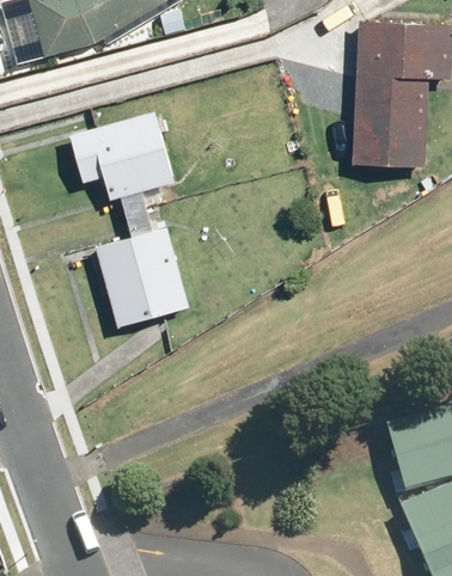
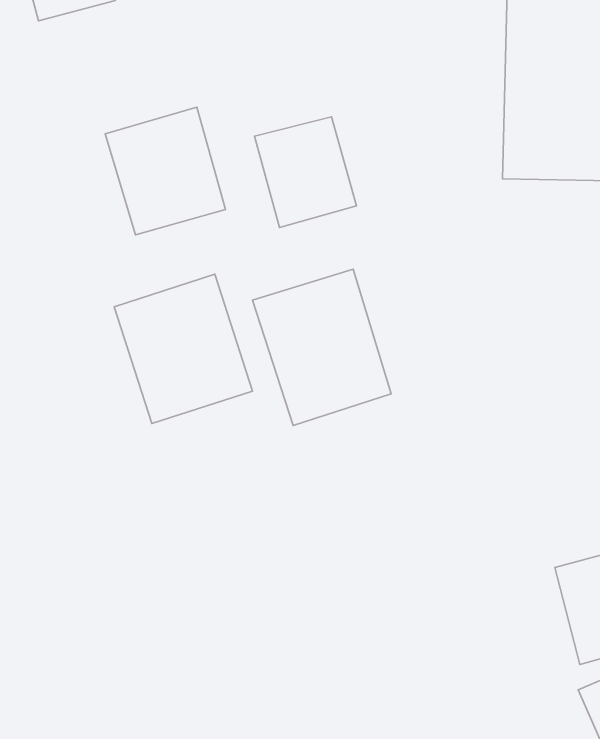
building: none -> [255,117,357,228]
building: none -> [253,269,391,426]

